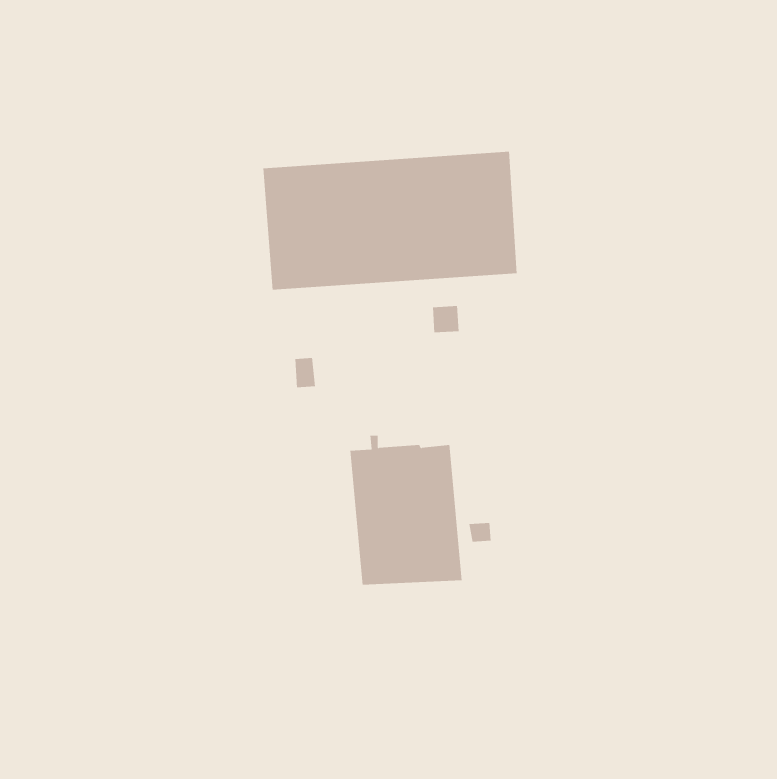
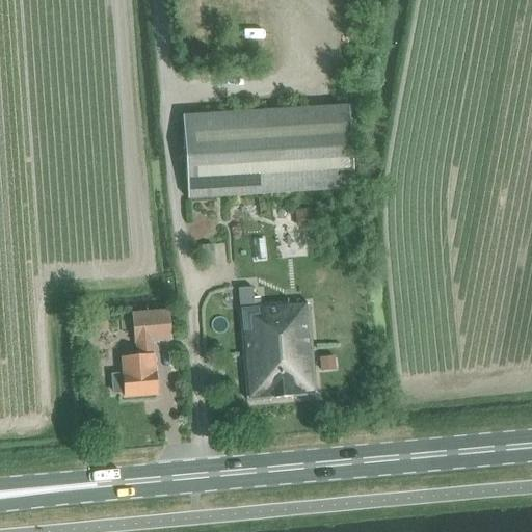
building: none -> [112,309,174,396]

